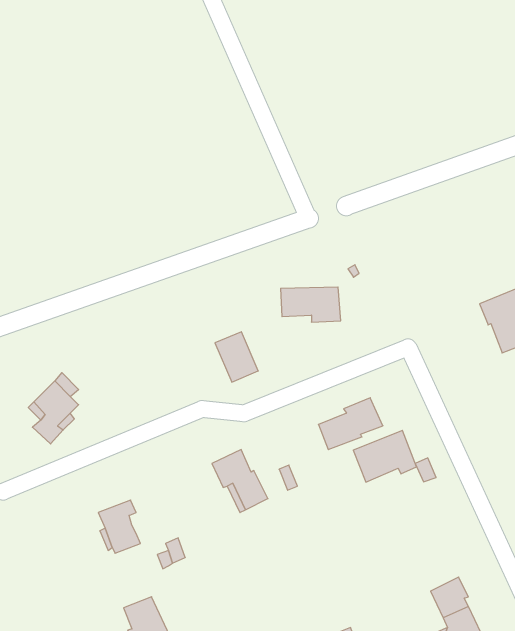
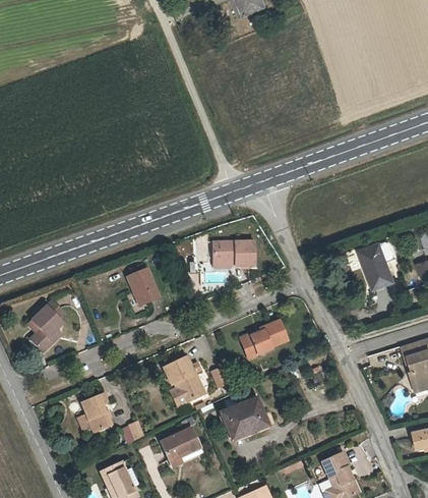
building: [215,332,258,382] -> [127,269,159,306]
building: [353,430,416,482] -> [220,399,265,437]
building: none -> [160,429,199,467]

